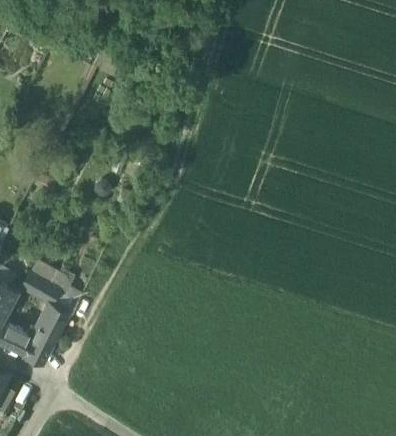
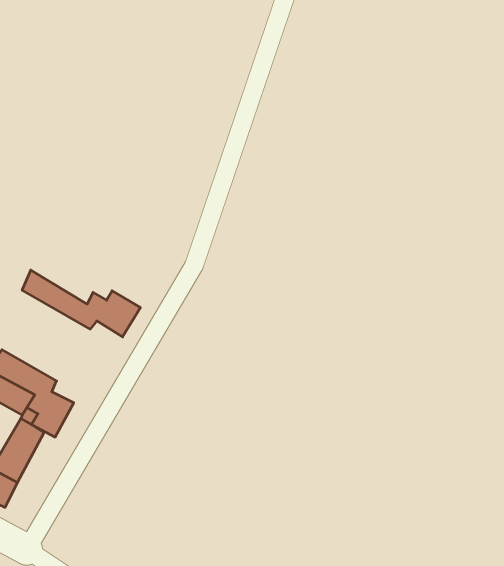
building: none -> [22,270,140,337]

